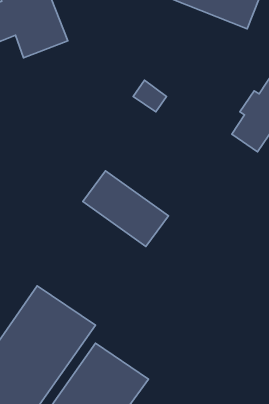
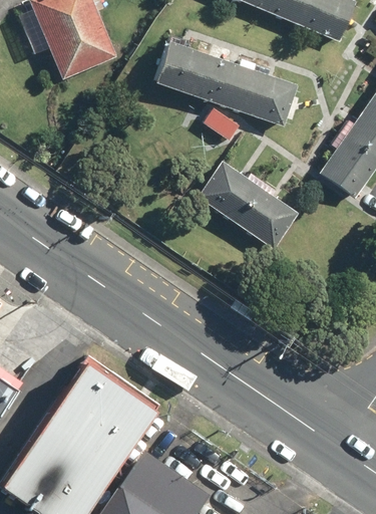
building: none -> [155,38,302,127]
building: [83,171,168,247] -> [199,157,305,251]

